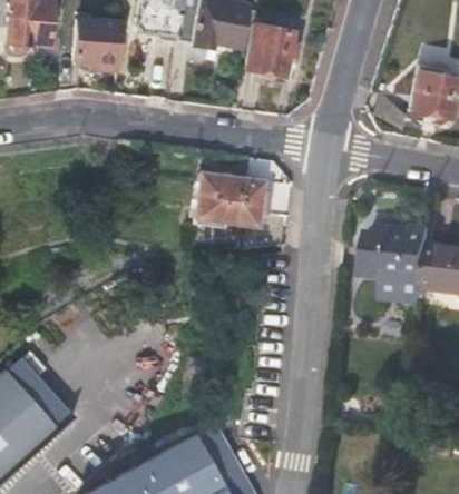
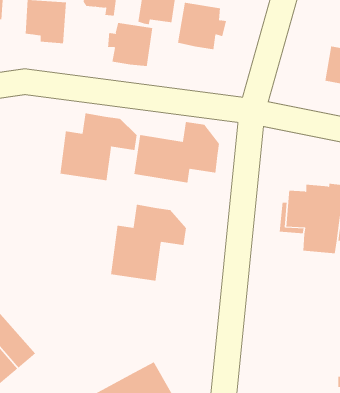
building: none -> [108,22,153,67]
building: none -> [60,113,137,181]
building: none -> [111,204,187,281]

